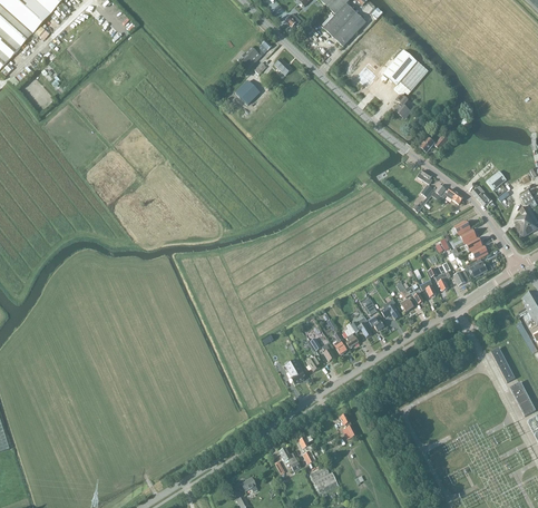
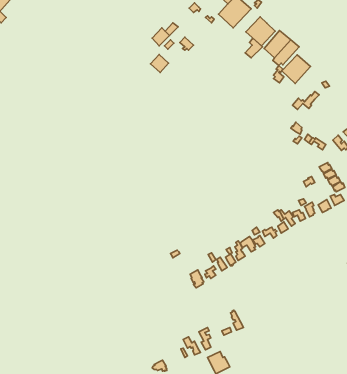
building: none -> [246,17,275,46]
building: none -> [282,55,310,84]

